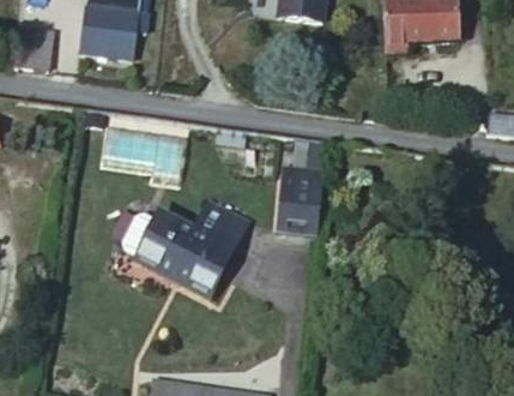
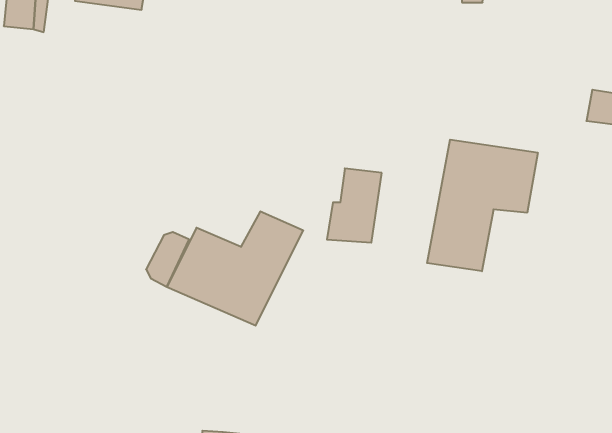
building: none -> [427,140,538,271]

